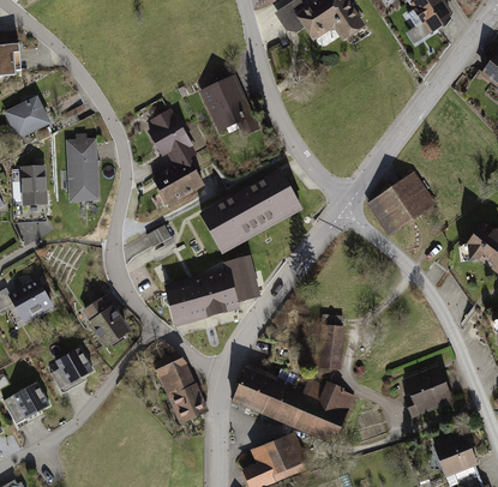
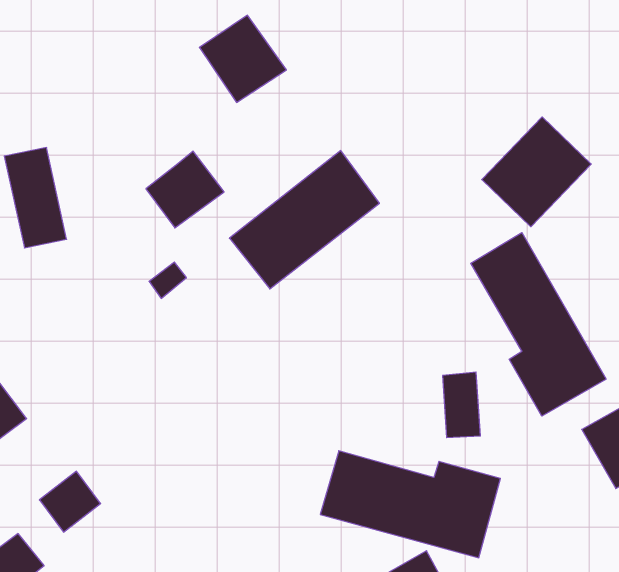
building: [148,112,193,164] -> none
building: none -> [471,233,606,416]
building: [164,257,256,324] -> none
building: [84,301,128,345] -> none
building: [151,359,204,421] -> none

